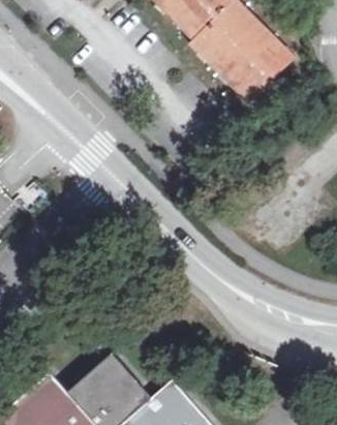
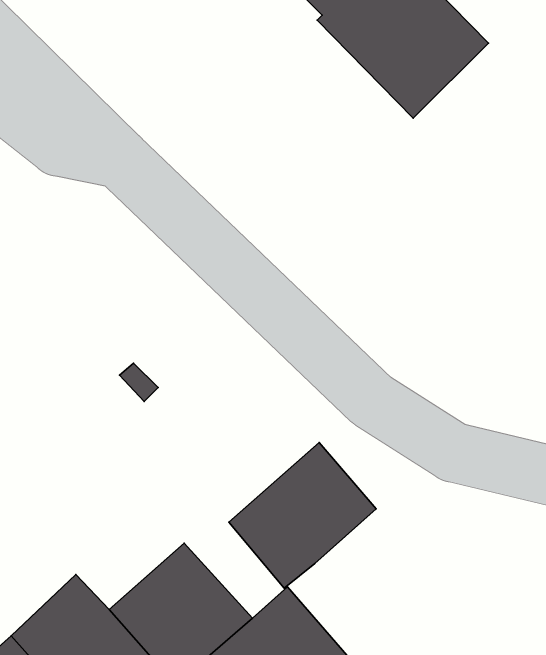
building: none -> [229,443,376,588]

